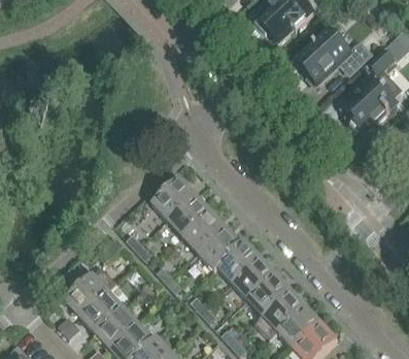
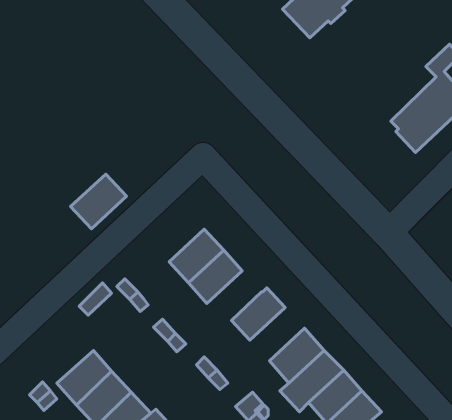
building: [295,29,376,84] -> none
building: [151,176,196,220] -> [71,174,127,229]
building: [198,227,241,269] -> none
building: [232,256,275,298] -> none
building: [64,265,116,316] -> none

